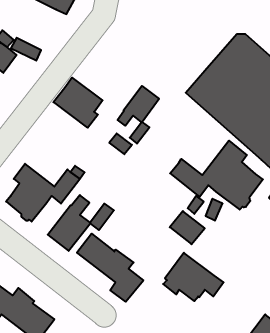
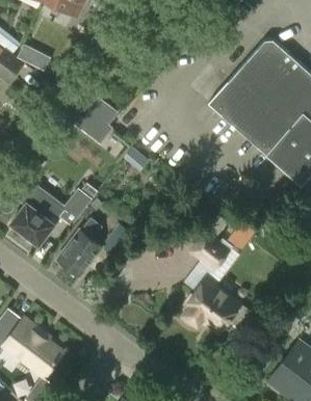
building: [118,86,159,144] -> none
building: [170,141,263,210] -> none
building: [77,234,143,302] -> none

